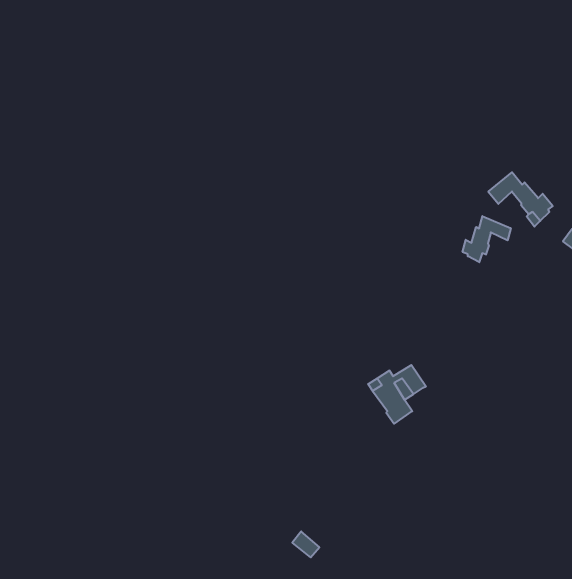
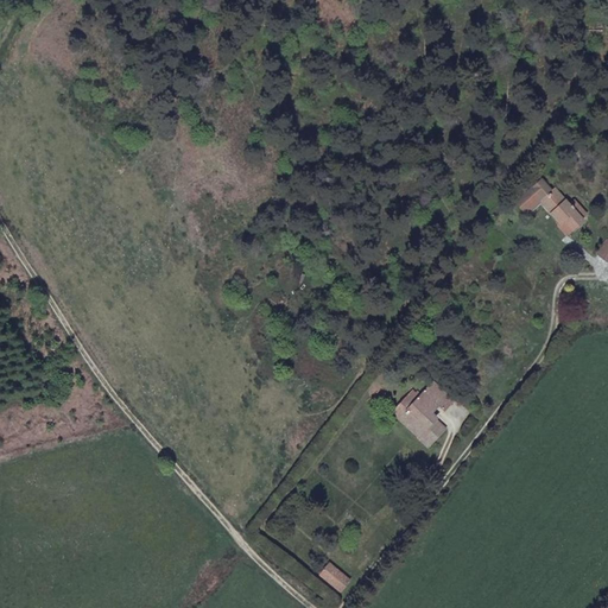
building: [463,216,511,262] -> none

